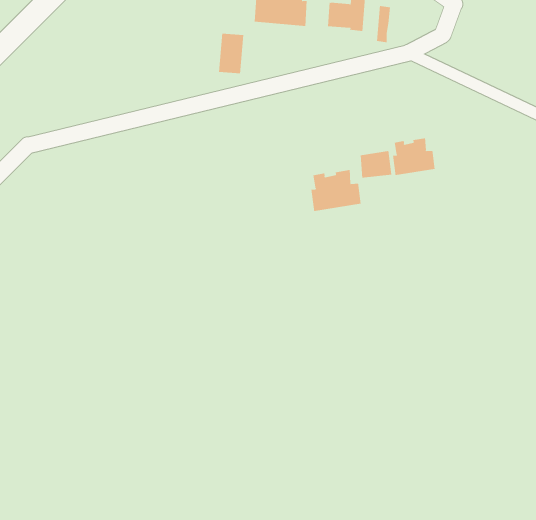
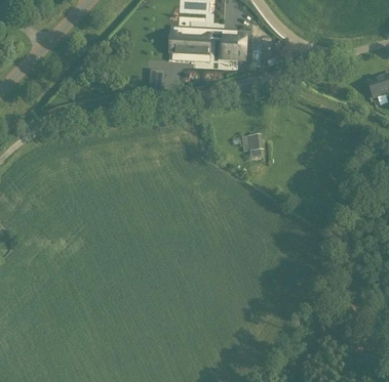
building: [392,138,435,176] -> none
building: [311,169,361,212] -> none

